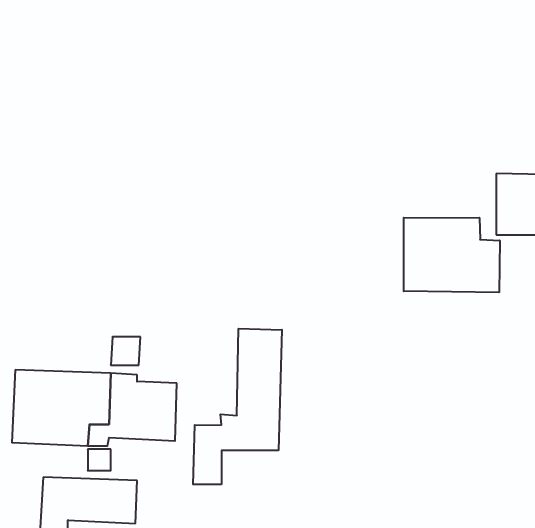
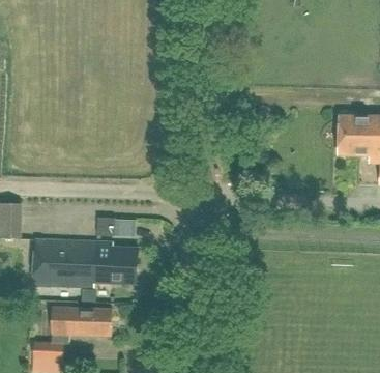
building: [404,218,500,292] -> none
building: [193,329,282,484] -> none

